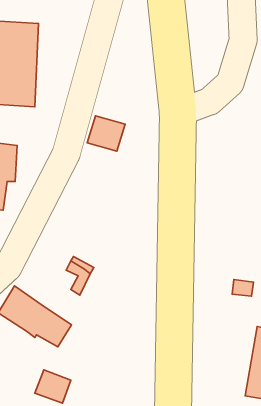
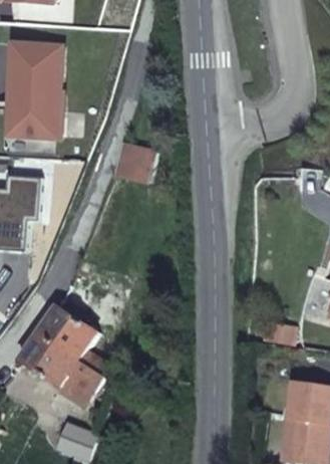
building: none -> [37,307,114,380]

